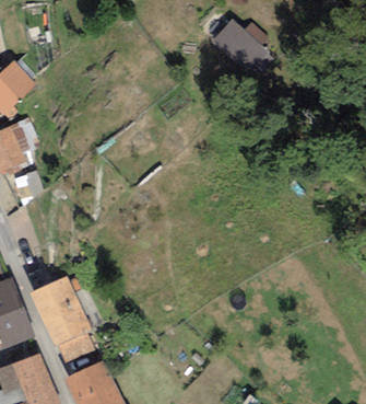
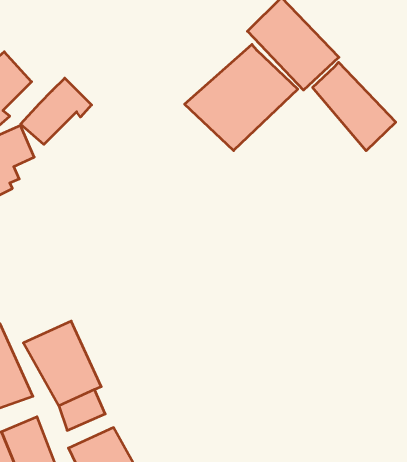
building: none -> [185,44,298,151]
building: none -> [313,62,396,151]
building: none -> [21,78,92,144]

